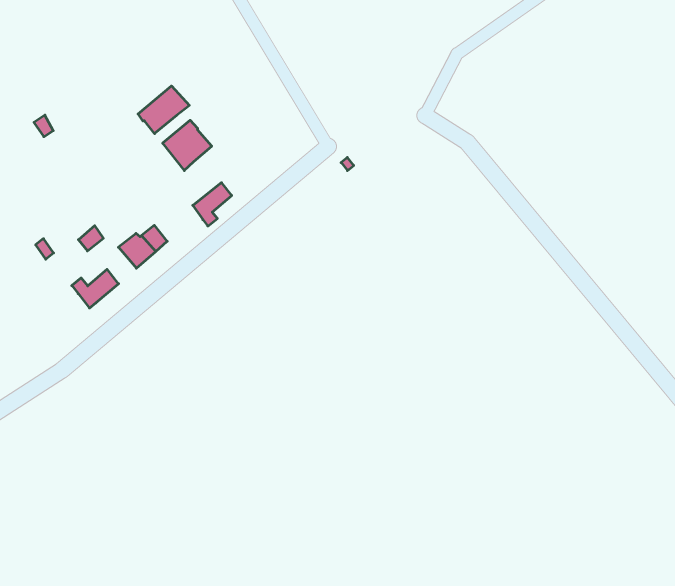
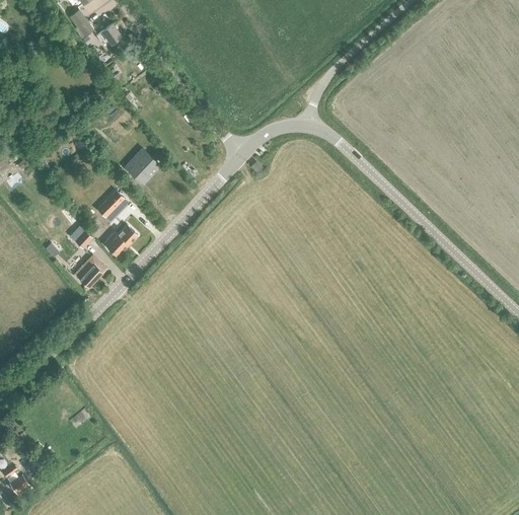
building: [138,86,189,134] -> none
building: [193,183,232,226] -> [96,190,123,221]

